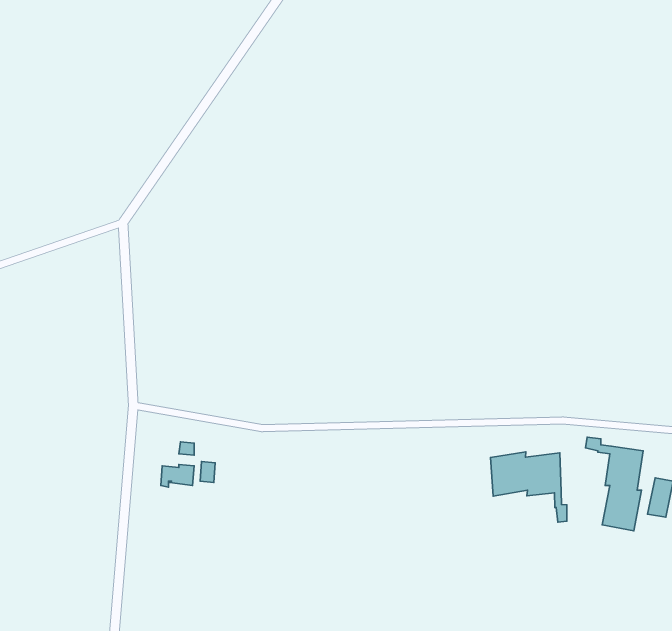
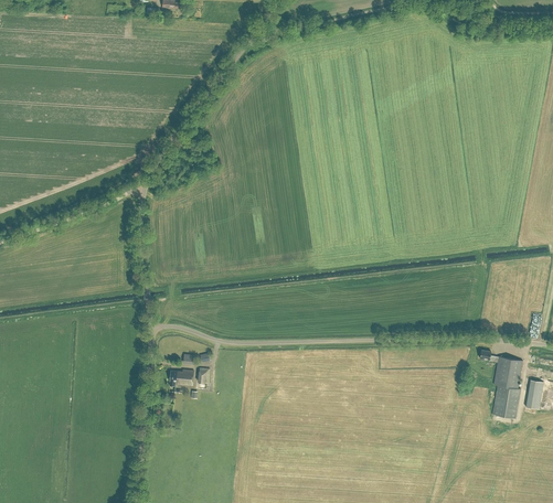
building: [490,452,567,522] -> none

